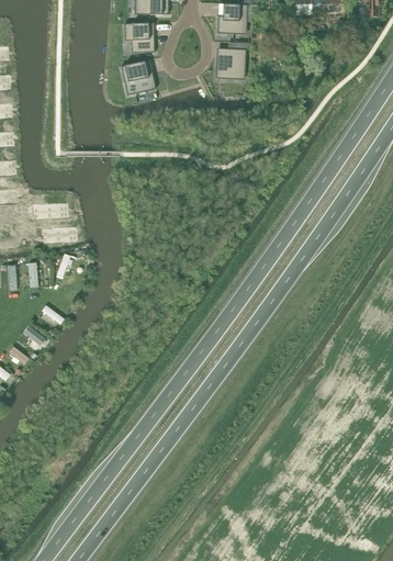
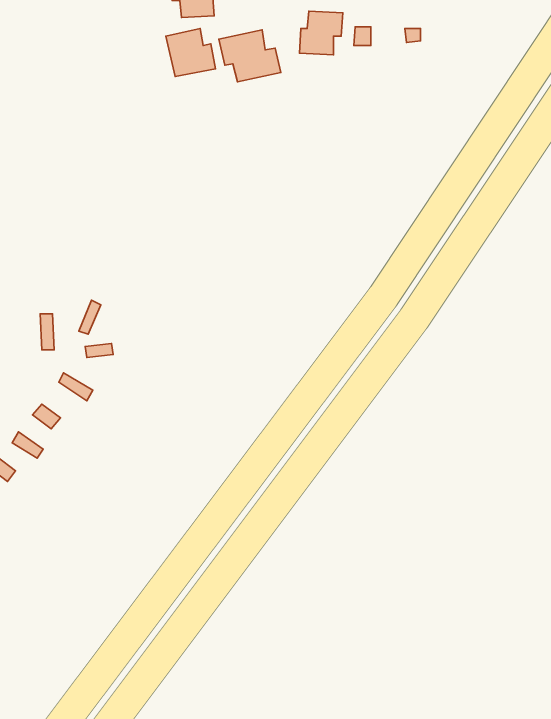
building: none -> [219,30,281,82]

